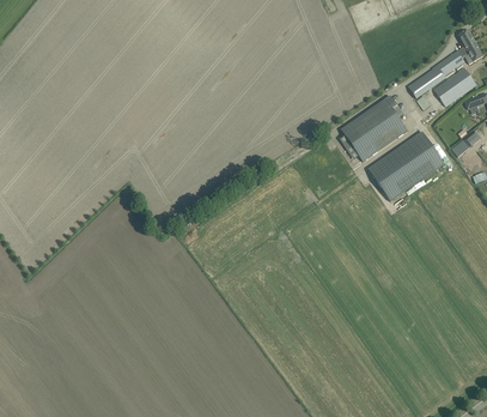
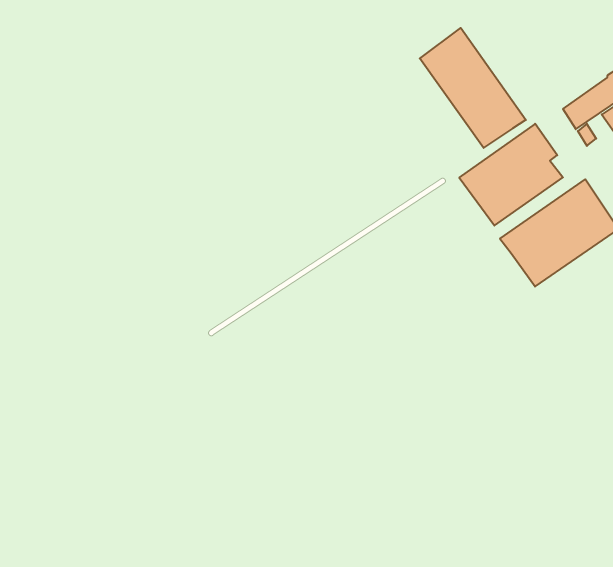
building: none -> [420,28,526,148]

